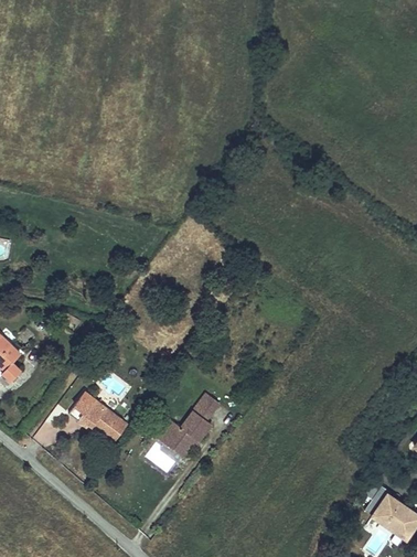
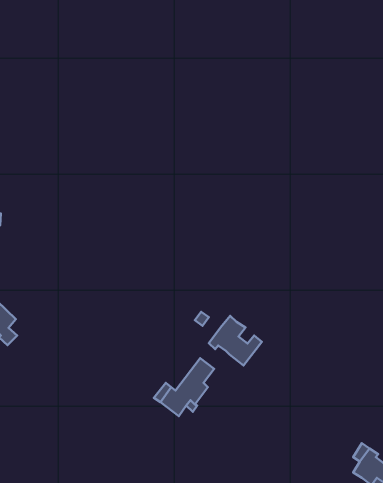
building: none -> [209,316,262,365]
building: [70,400,127,443] -> none

